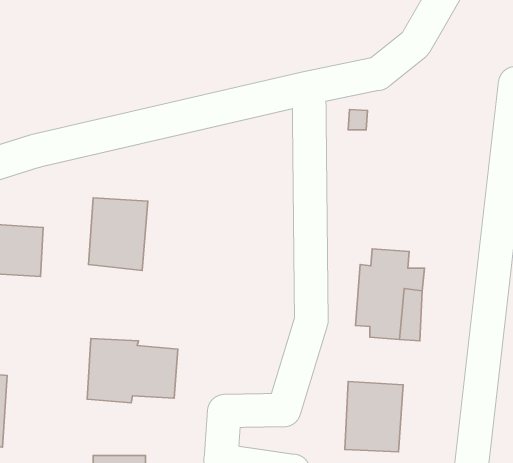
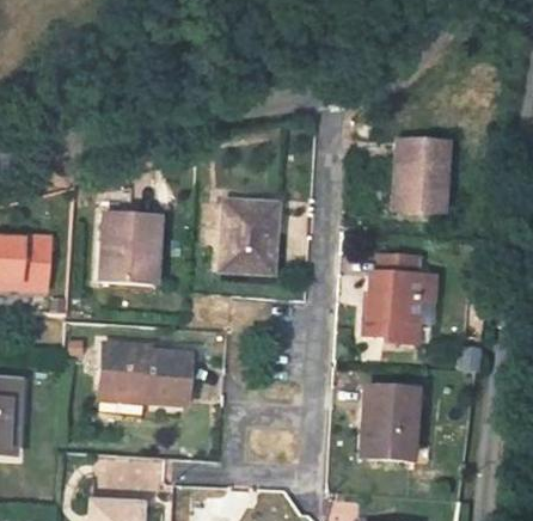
building: none -> [394,139,448,209]
building: none -> [220,197,277,269]

